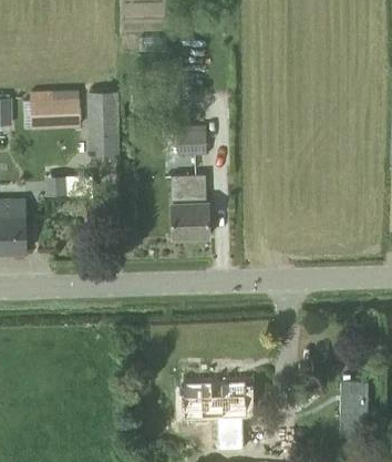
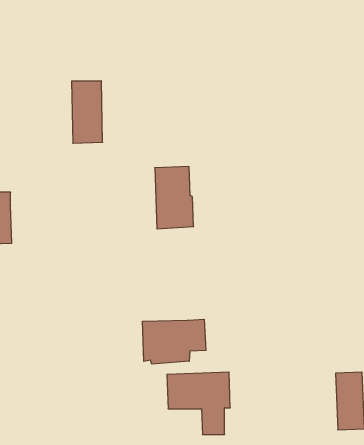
building: [30,89,80,126] -> none
building: [177,125,206,154] -> none
building: none -> [143,319,206,364]

